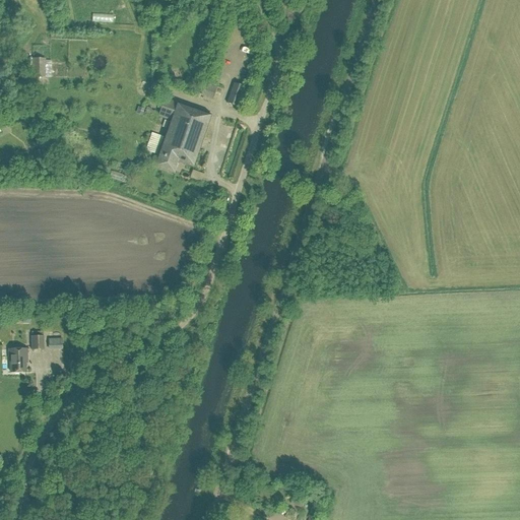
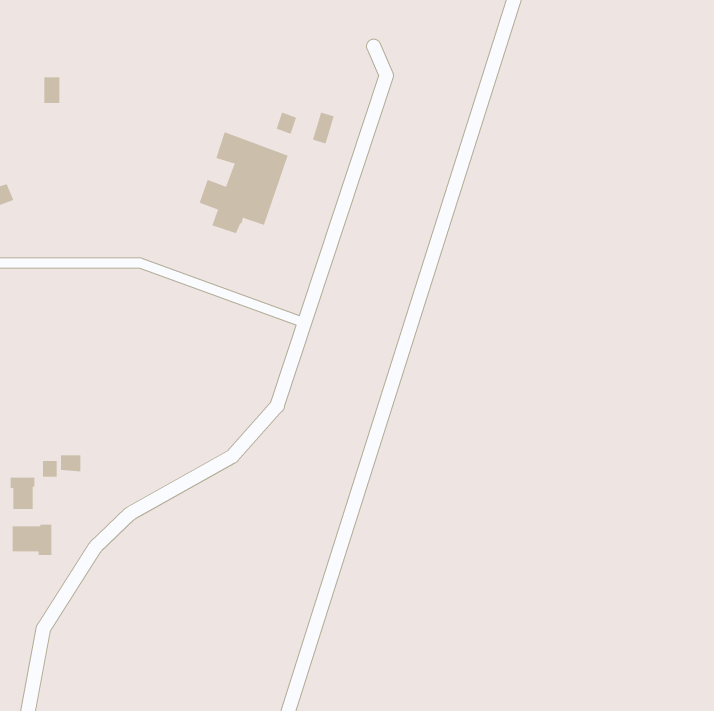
building: none -> [12,524,52,556]

